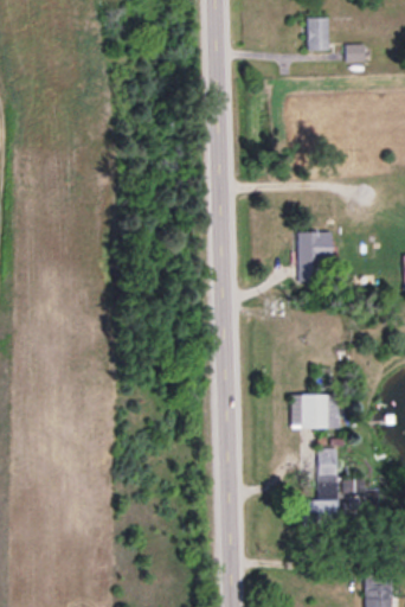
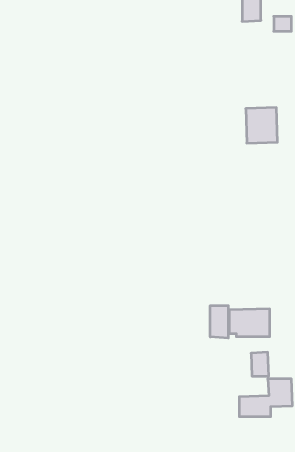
building: [295,230,333,273] -> [246,108,277,143]
building: none -> [210,306,228,338]

